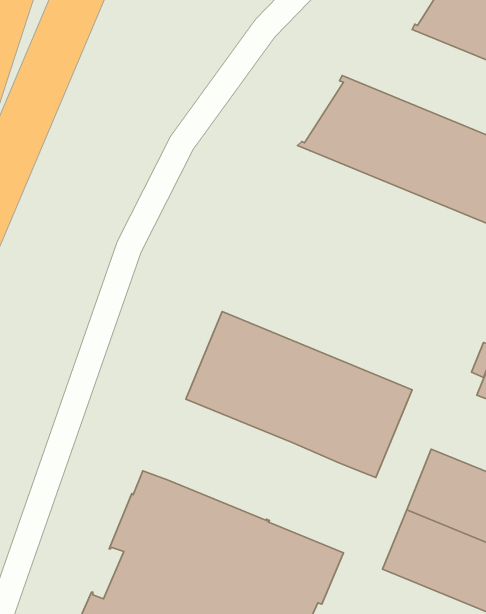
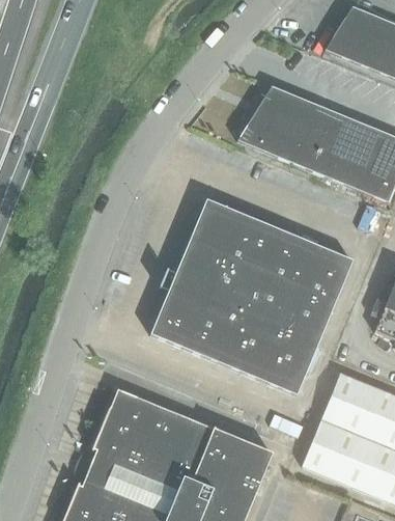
building: none -> [178,199,352,327]

